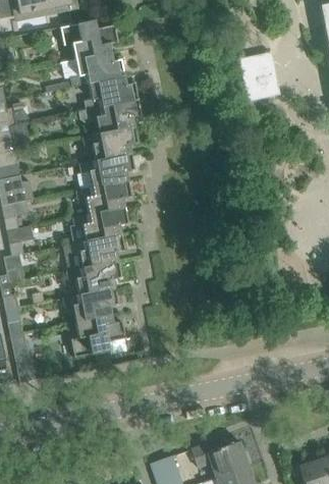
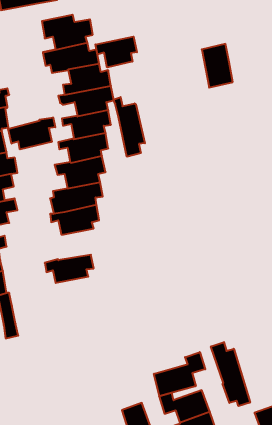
building: none -> [95,37,137,67]
building: none -> [114,97,145,157]
building: none -> [8,117,55,149]
building: [65,260,121,295] -> none
building: [70,314,125,358] -> none
building: none -> [211,342,250,406]
building: none -> [154,352,205,396]

